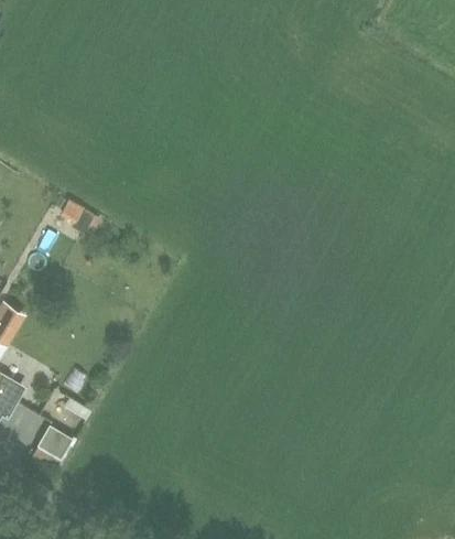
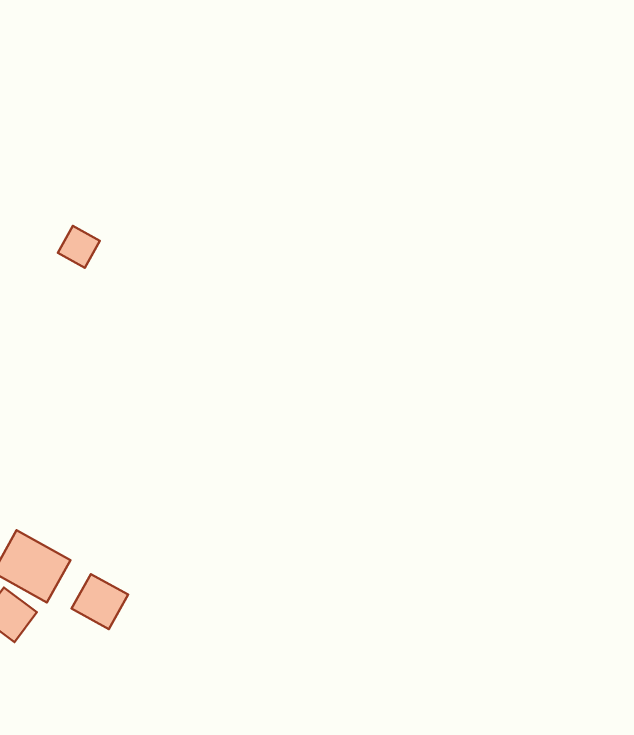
building: none -> [72,574,128,629]

